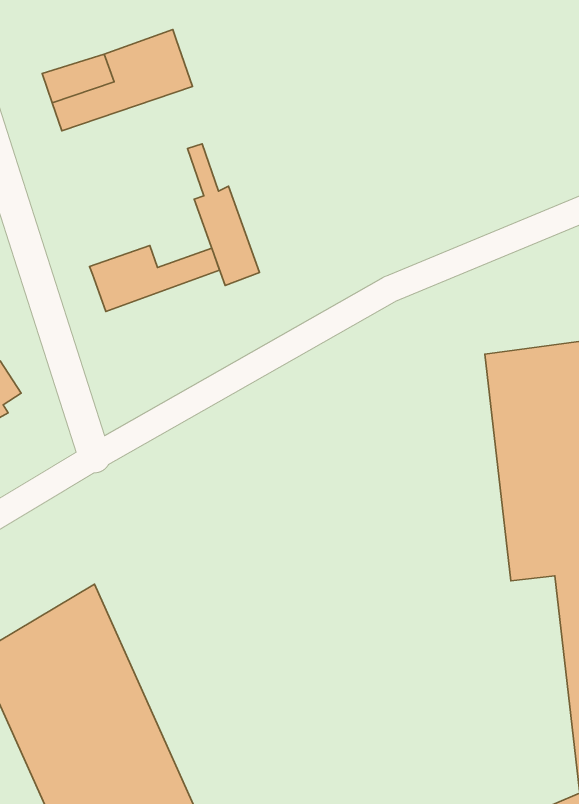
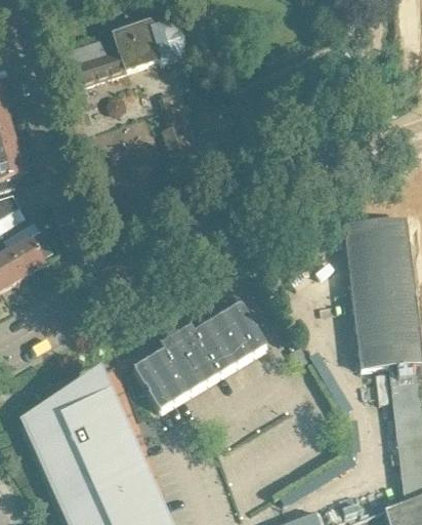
building: none -> [151,22,185,66]
building: [90,246,219,311] -> none
building: none -> [134,302,266,409]

